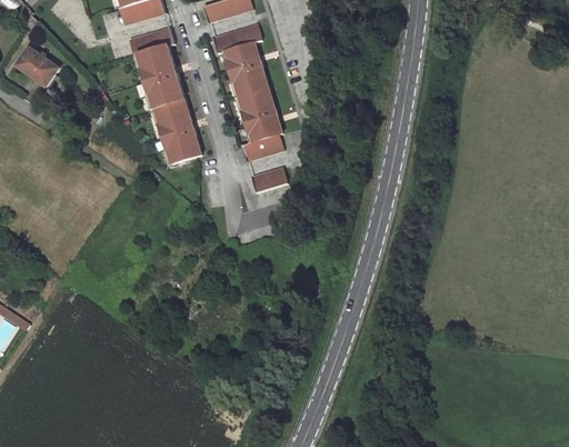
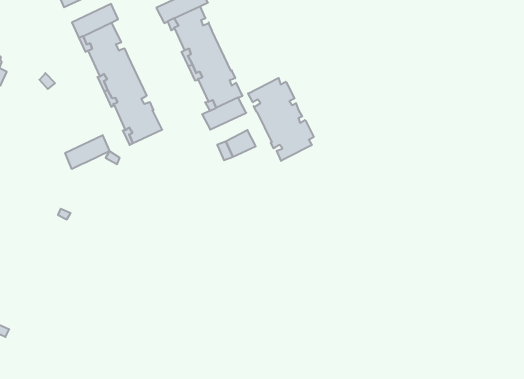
building: none -> [248,78,314,161]
building: none -> [65,135,109,169]

